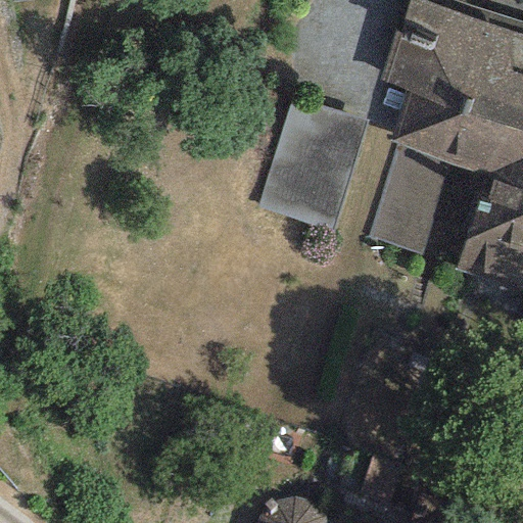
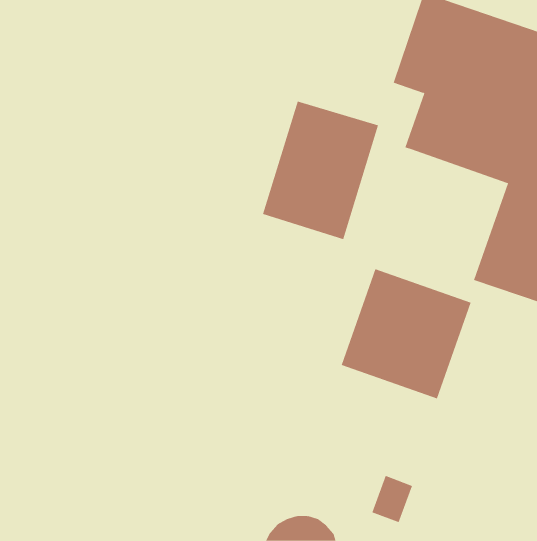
building: [368,144,493,270] -> [341,269,471,399]

